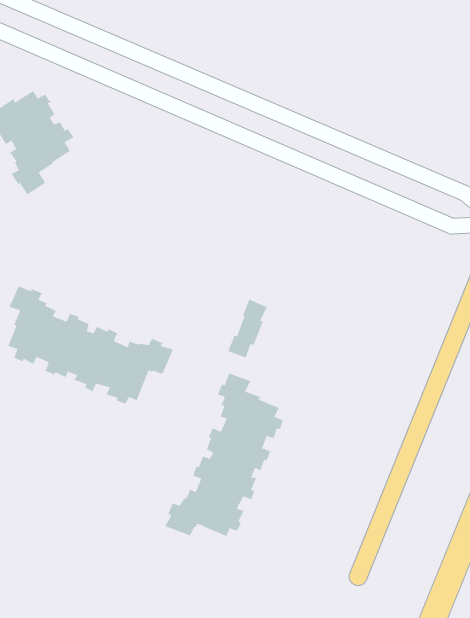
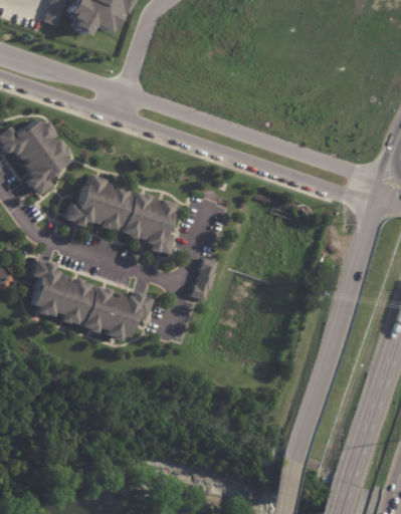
building: none -> [65,174,174,253]
building: [164,373,284,537] -> none

